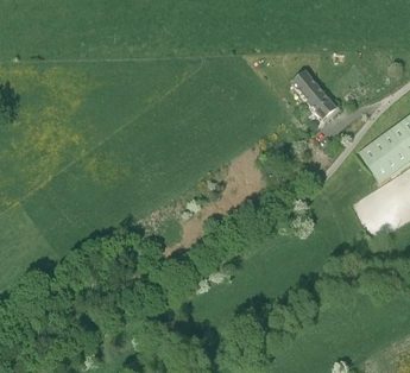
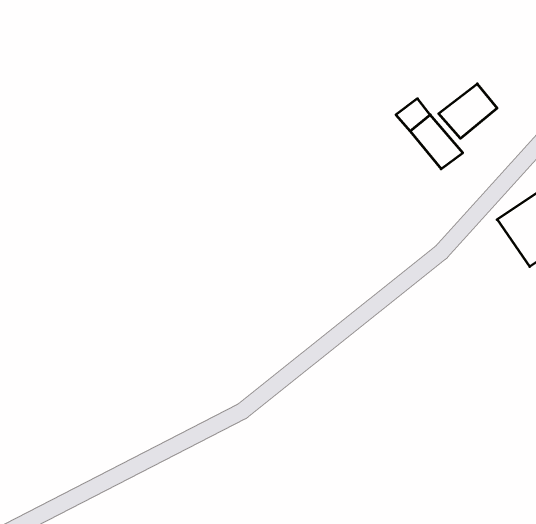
building: none -> [439,84,497,138]

